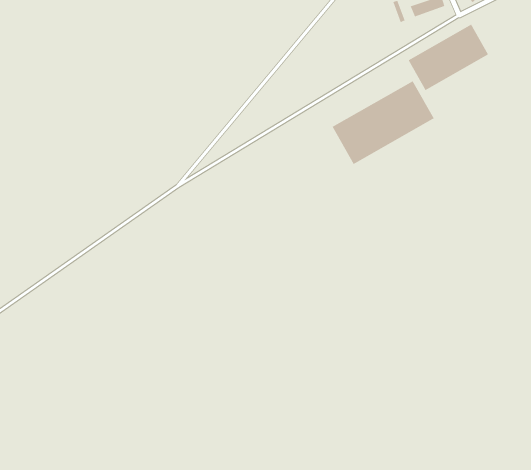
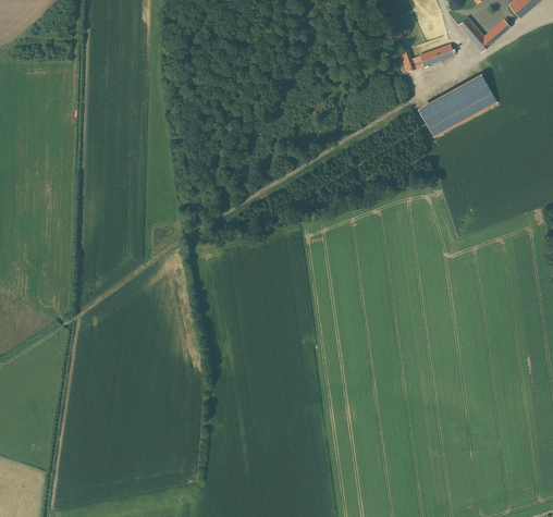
building: [332,80,434,165] -> none

